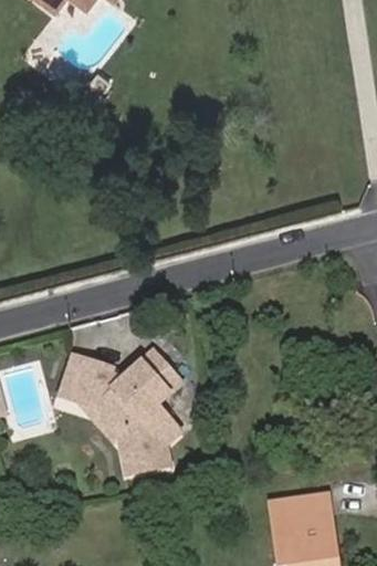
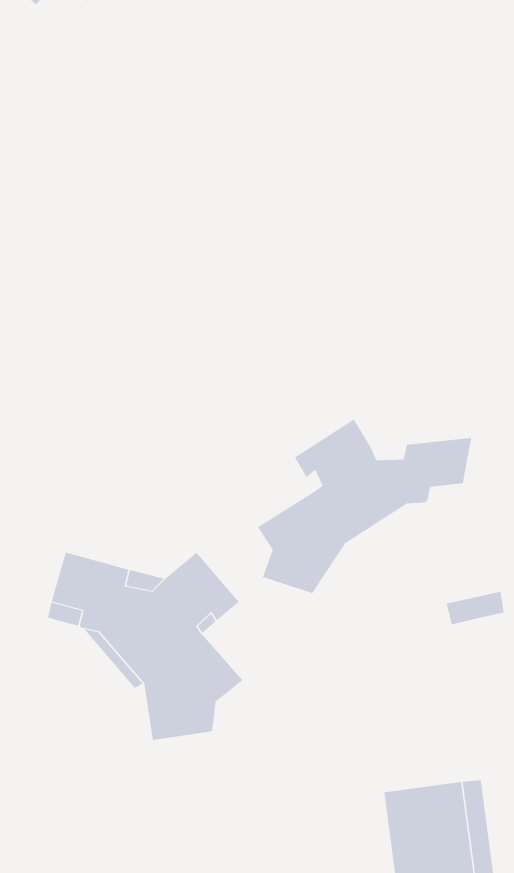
building: none -> [257,419,472,594]

